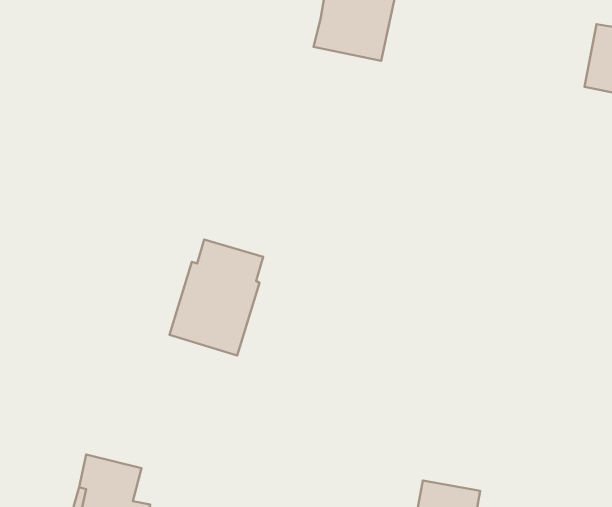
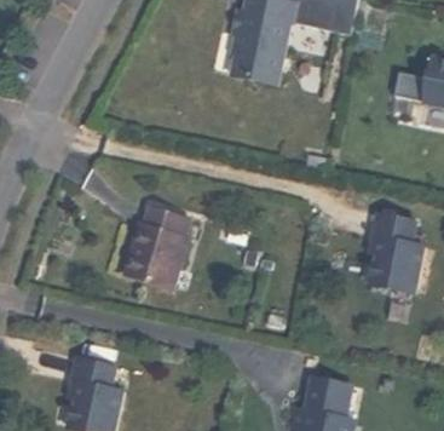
building: none -> [367,212,421,292]

